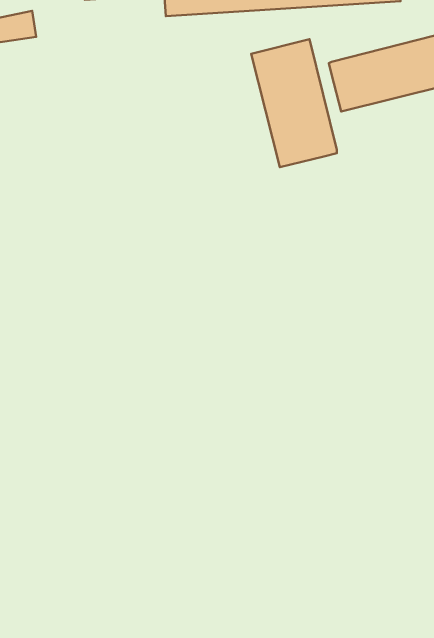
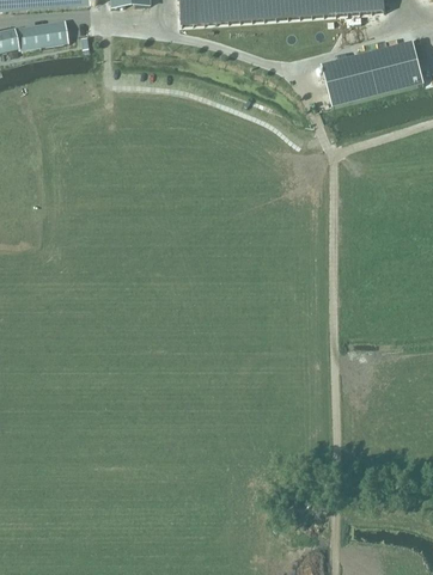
building: [251,39,337,167] -> none

